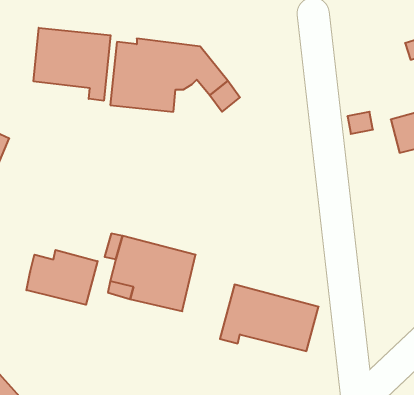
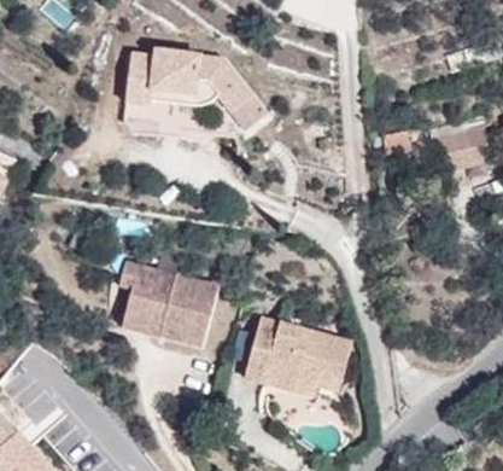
building: [34,28,111,101] -> none
building: [26,250,98,305] -> none

